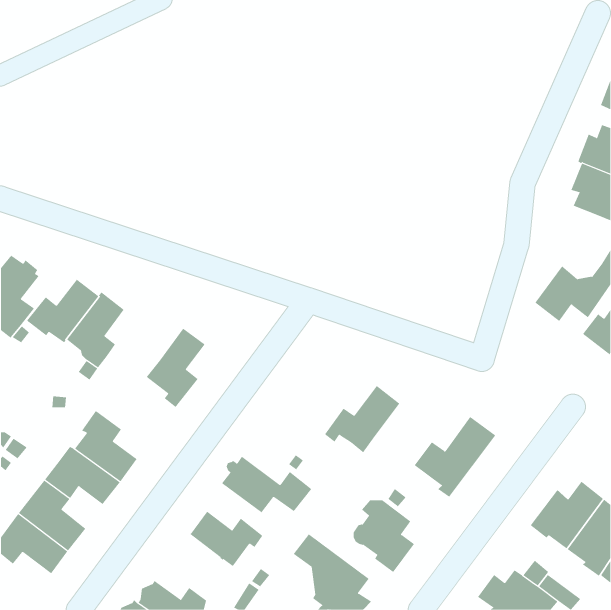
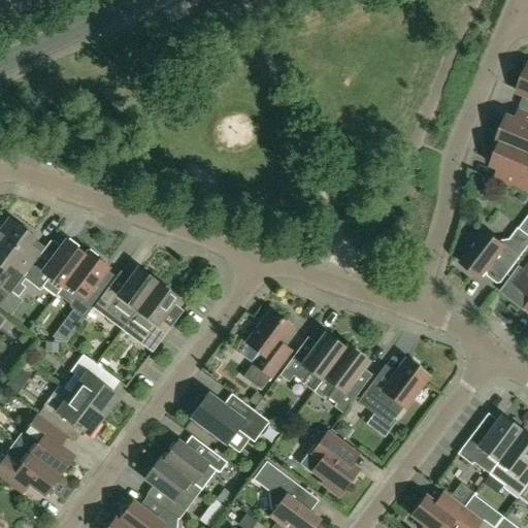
building: none -> [93,267,158,325]
building: none -> [242,310,292,390]
building: none -> [314,344,368,412]
building: none -> [145,458,201,519]

